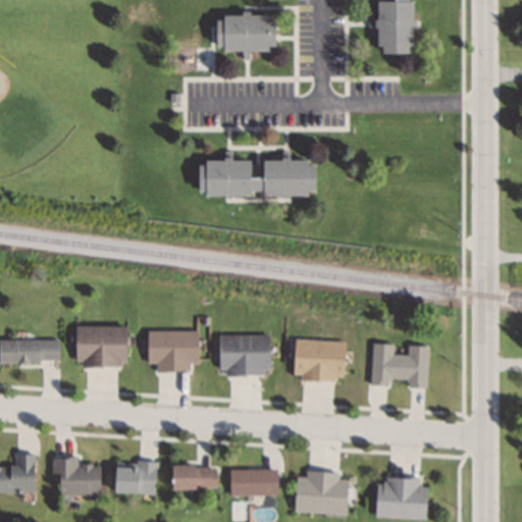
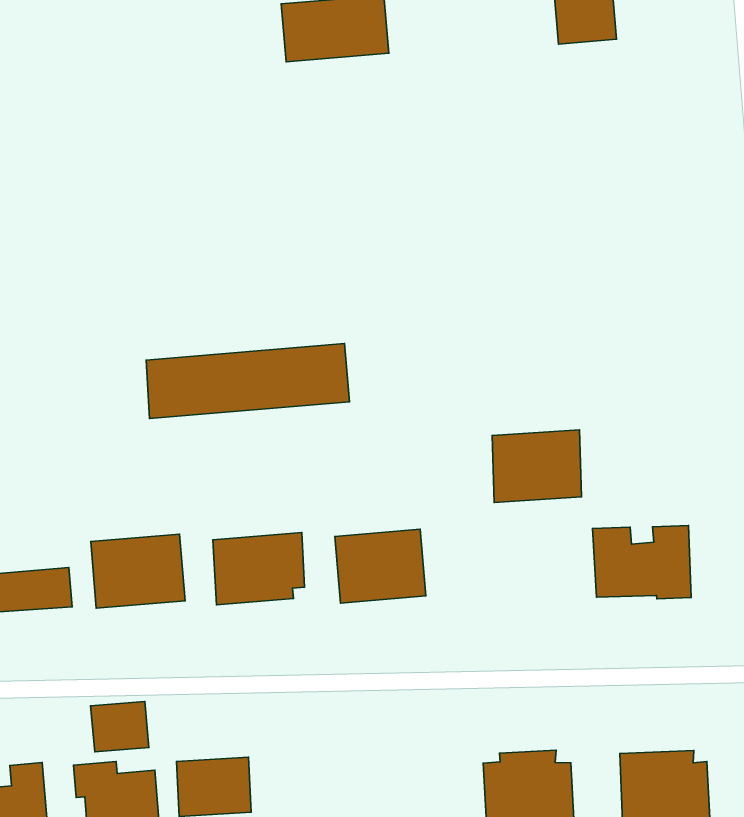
building: [197,161,316,196] -> [146,344,349,419]
building: [294,340,348,380] -> [492,430,582,502]
building: none -> [91,701,149,752]
building: [170,465,218,487] -> none
building: [230,469,278,494] -> none

